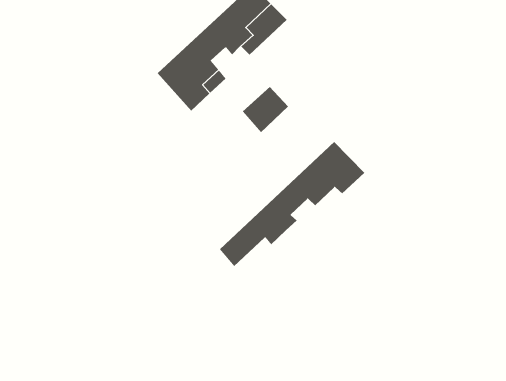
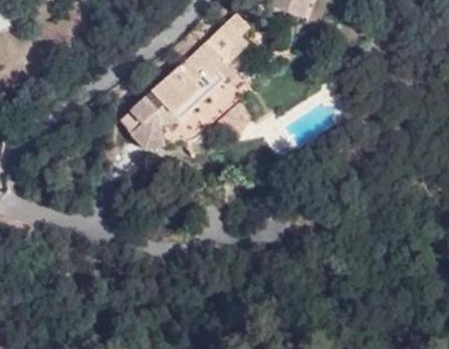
building: none -> [120,91,178,149]
building: [219,141,365,267] -> none

